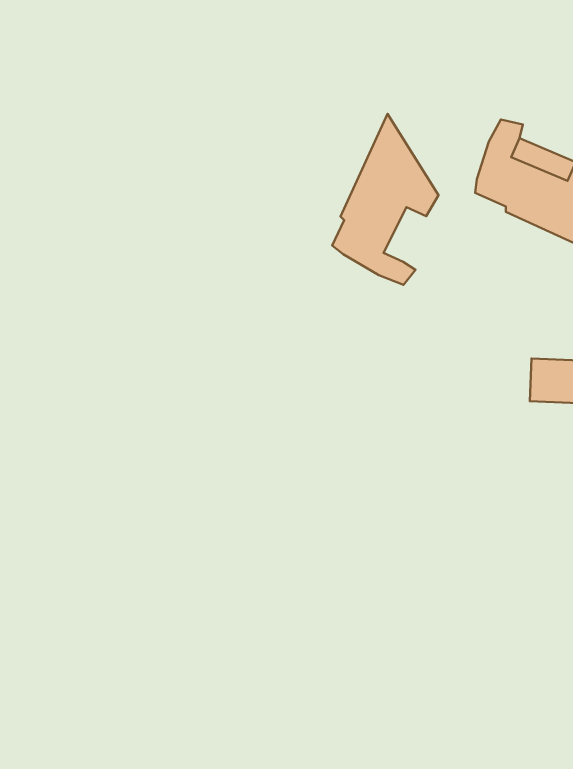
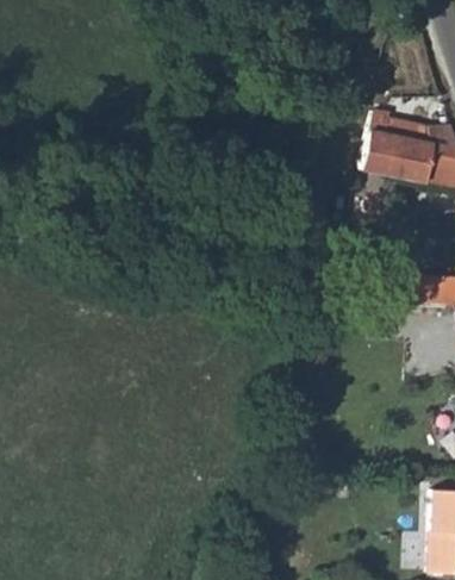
building: [332,114,438,285] -> none

